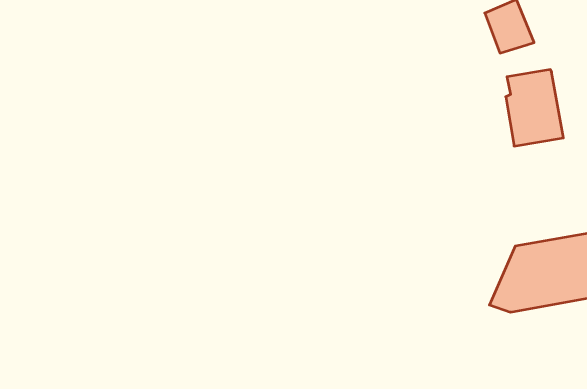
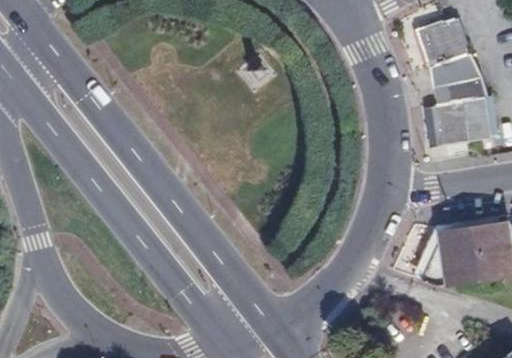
building: none -> [434,52,477,81]

